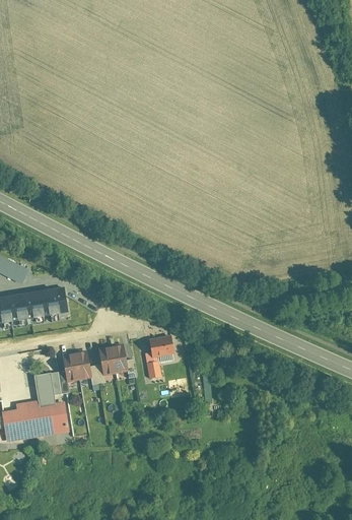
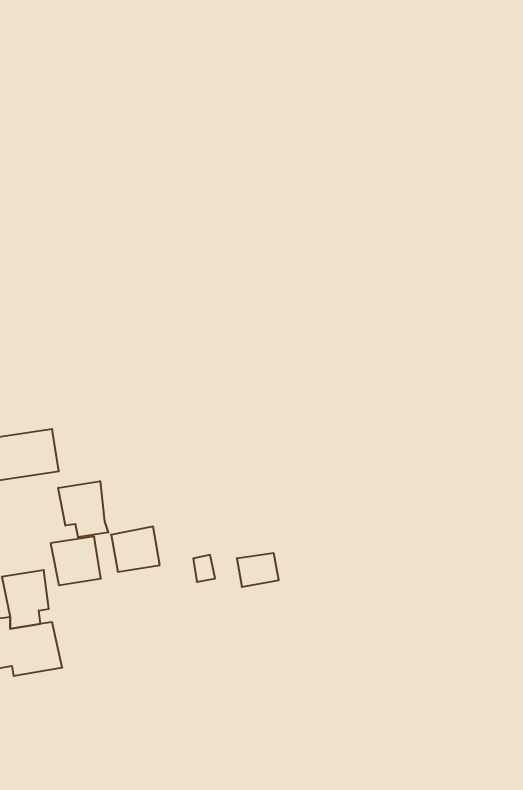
building: none -> [58,481,108,537]
building: [149,337,174,358] -> [237,553,279,587]

